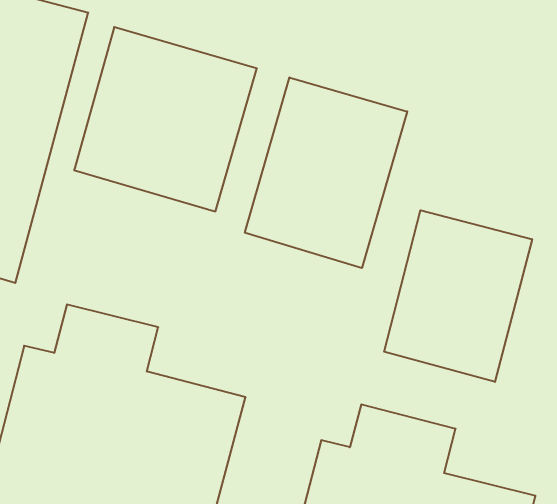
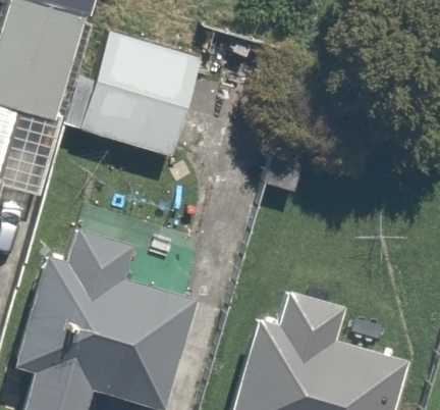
building: [245,77,407,268] -> none
building: [384,210,532,382] -> none

